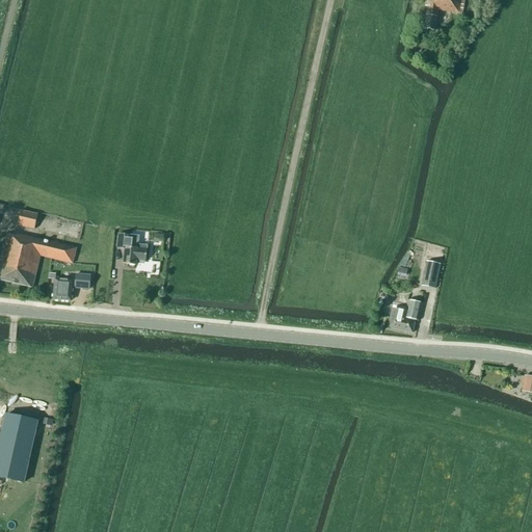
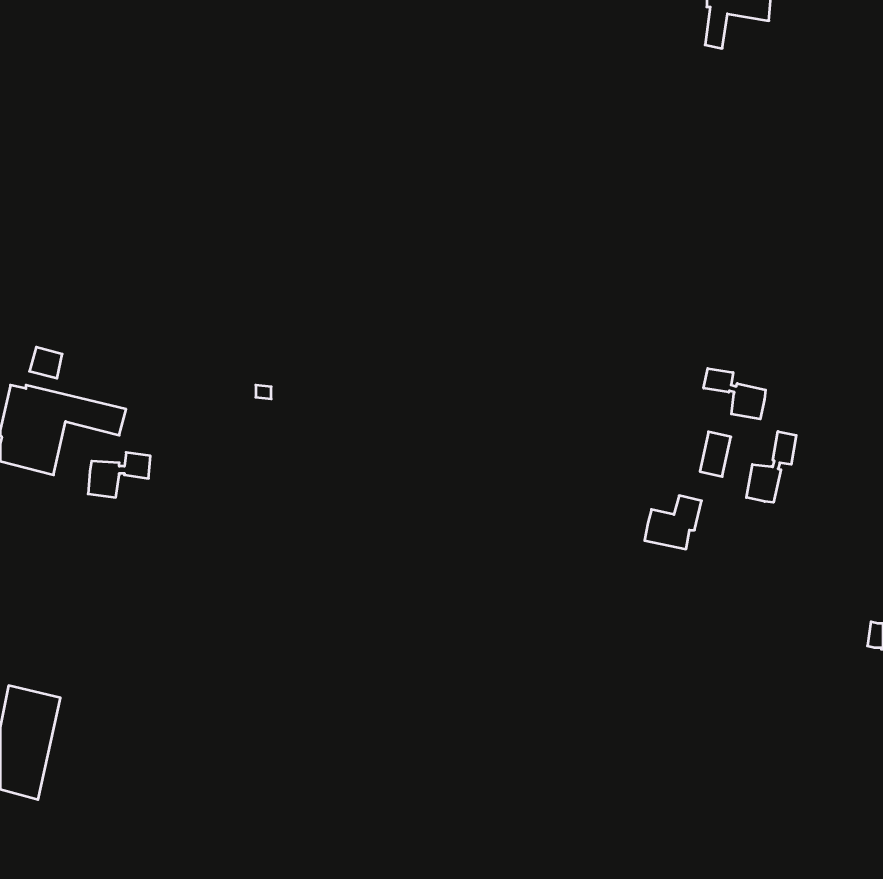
building: none -> [704,368,766,419]
building: [116,232,147,264] -> none
building: none -> [746,431,796,502]

